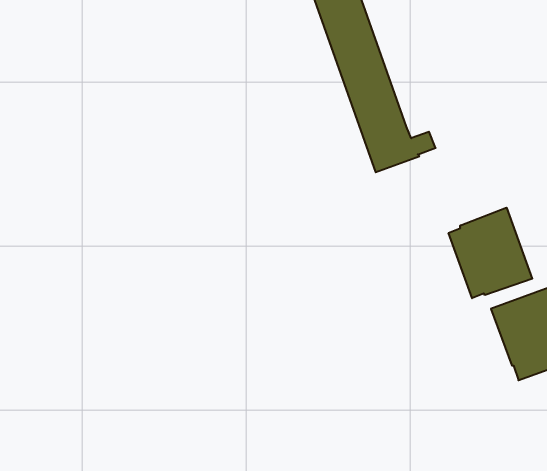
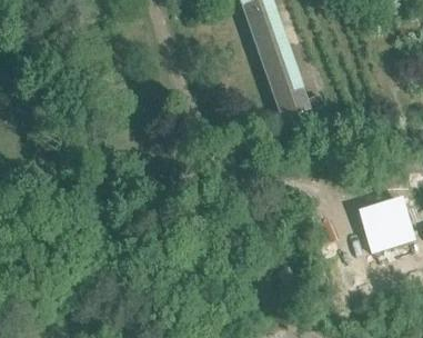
building: [449,208,532,298] -> none

